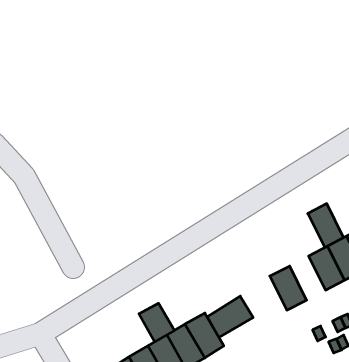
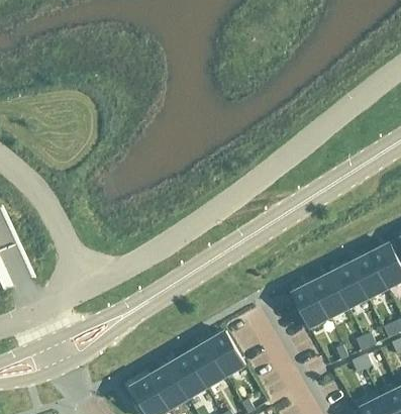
building: [308,204,344,248] -> [312,274,348,318]
building: [207,296,253,338] -> none
building: [139,303,175,342] -> none

